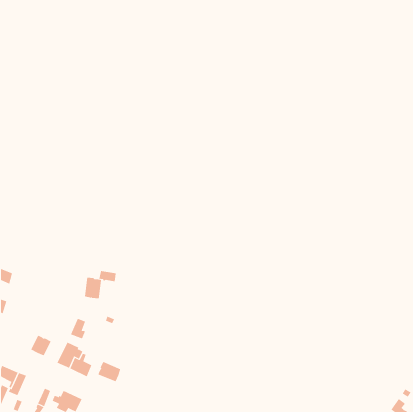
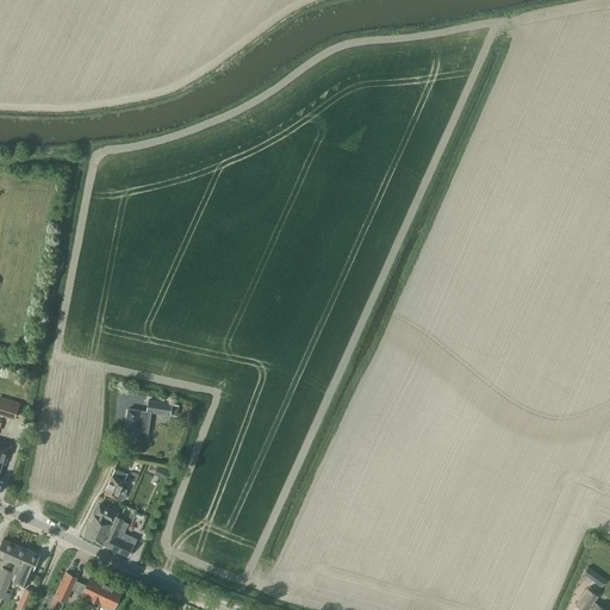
building: [31,335,51,356] -> none
building: [97,361,121,382] -> none

